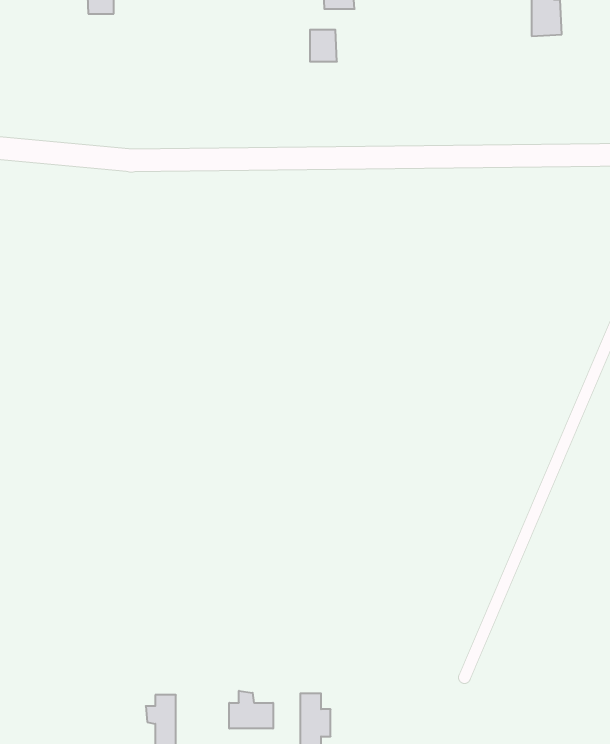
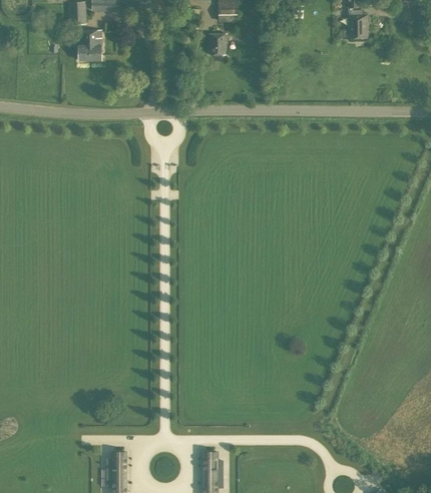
building: none -> [78,30,101,60]
building: [229,691,273,729] -> none

